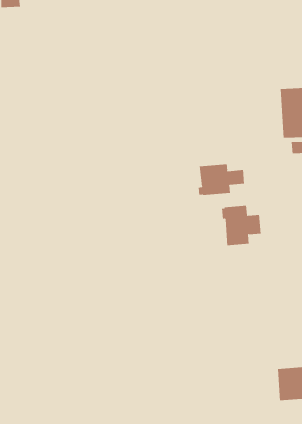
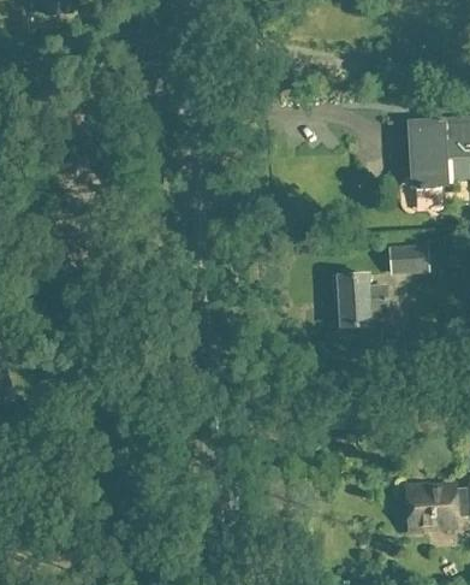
building: [198,164,244,196] -> none
building: none -> [383,243,426,274]

